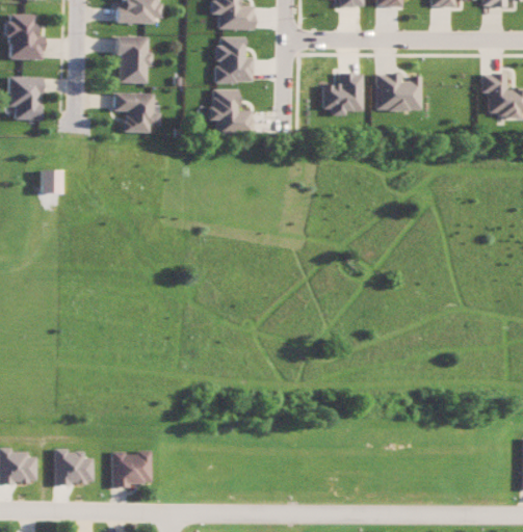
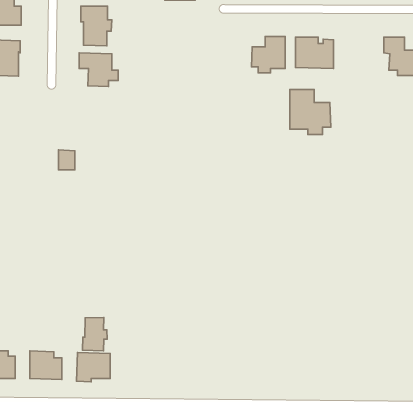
building: [214,36,252,82] -> none
building: [207,89,252,134] -> none
building: none -> [290,90,331,135]
building: [42,169,61,193] -> [58,150,75,170]
building: none -> [82,318,107,351]

